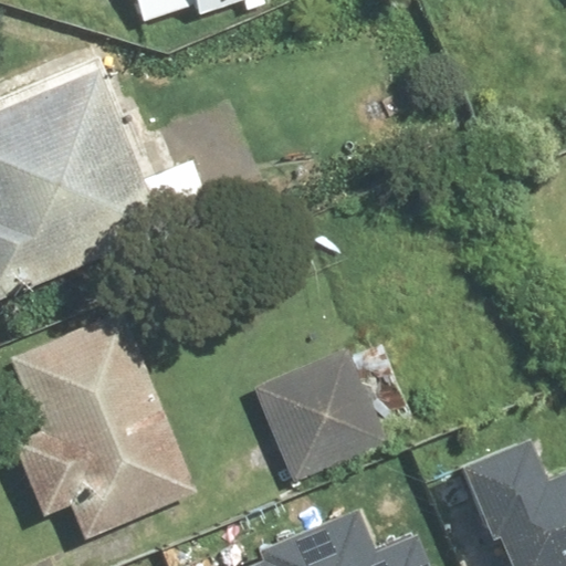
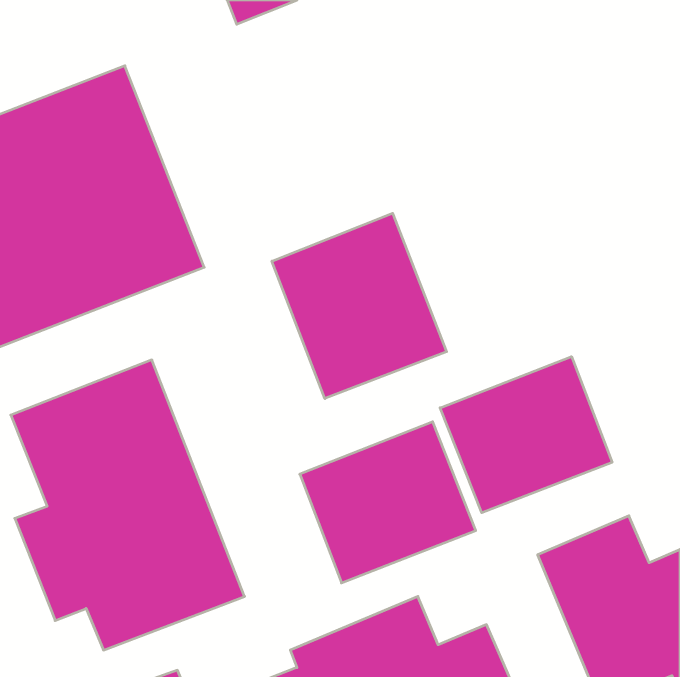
building: none -> [272,213,447,399]
building: none -> [440,357,612,513]

